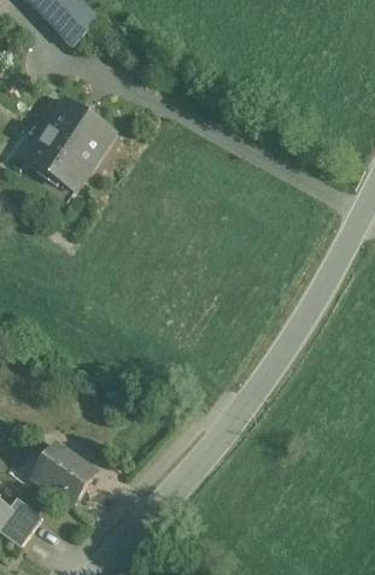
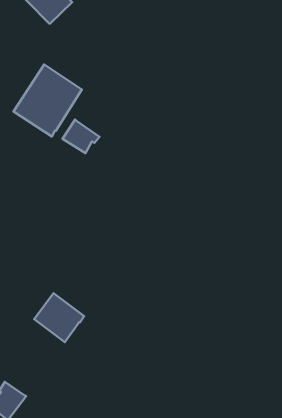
building: none -> [62,119,100,153]
building: [30,442,93,504] -> [34,293,84,342]

